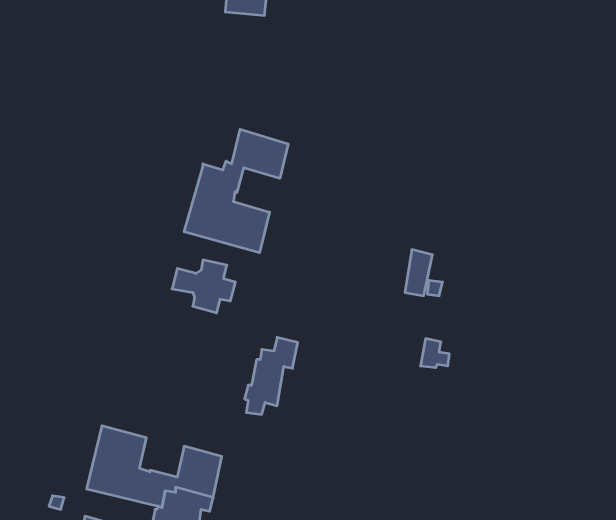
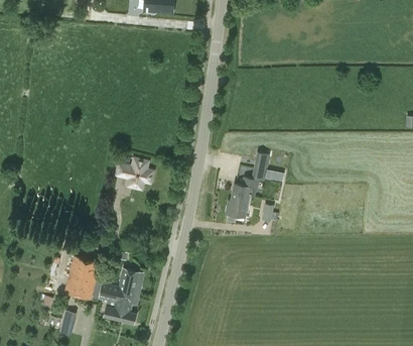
building: [184,129,288,253] -> none
building: [245,337,298,414] -> [226,177,257,222]

